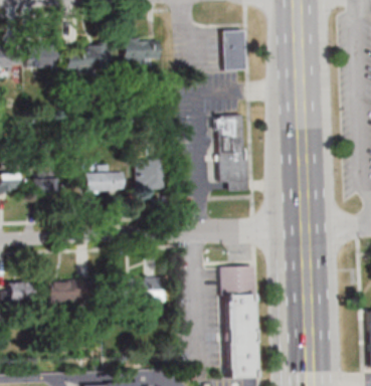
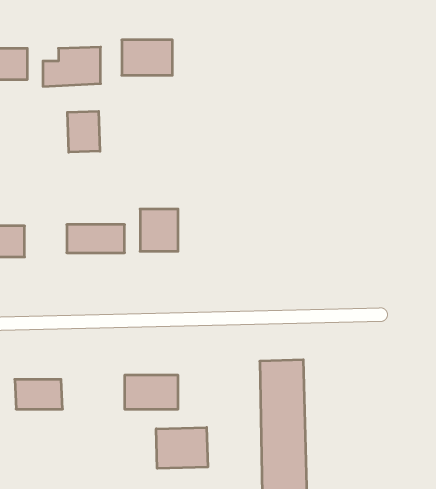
building: [224,31,246,70] -> none
building: none -> [67,111,100,152]
building: [218,115,248,192] -> none
building: none -> [156,427,208,468]

